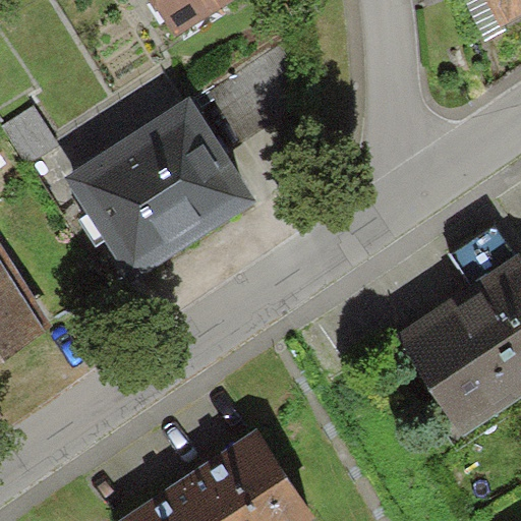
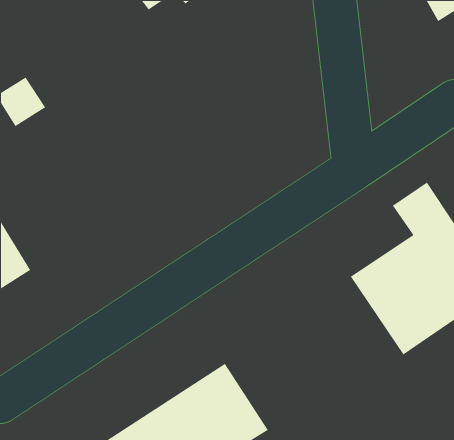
building: [71,105,244,268] -> none

